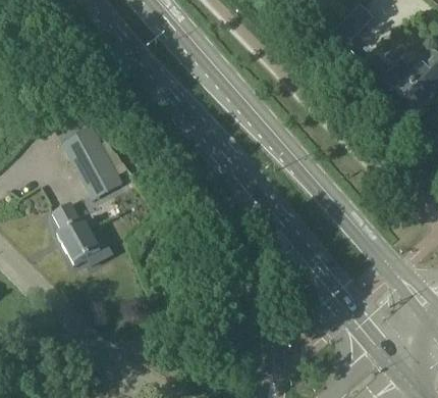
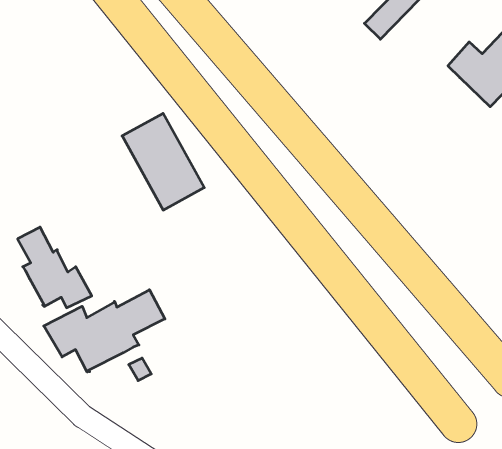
building: [61,125,124,199] -> [122,113,204,210]
building: none -> [44,290,165,372]

